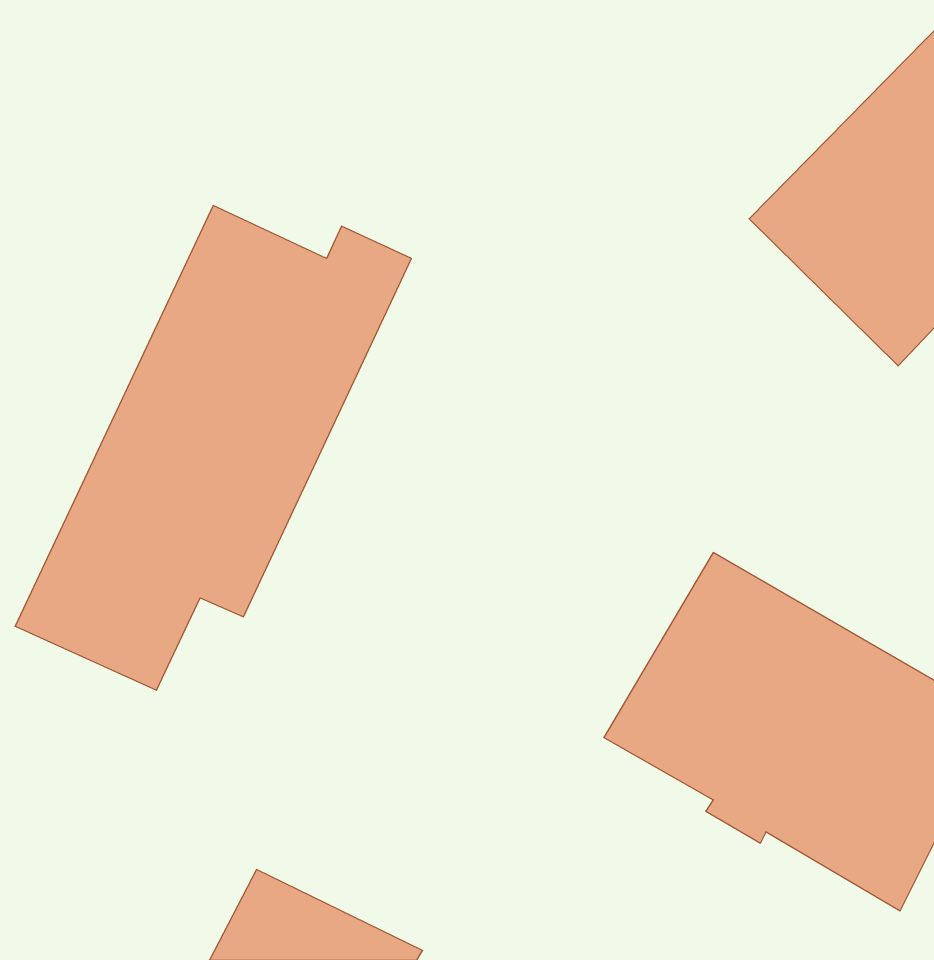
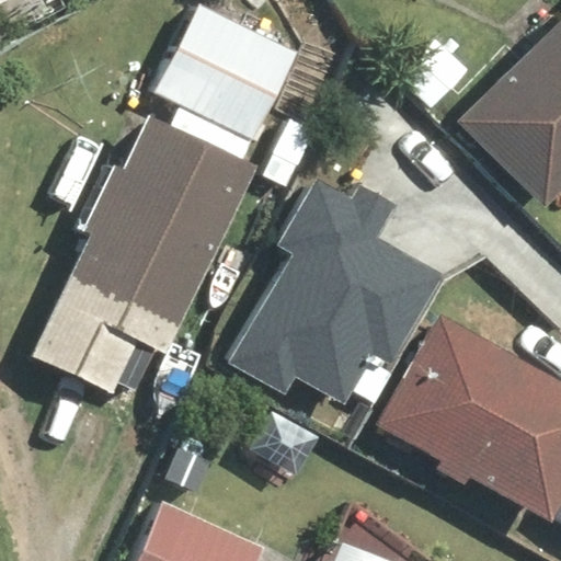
building: none -> [154,9,293,142]
building: none -> [243,164,444,381]

